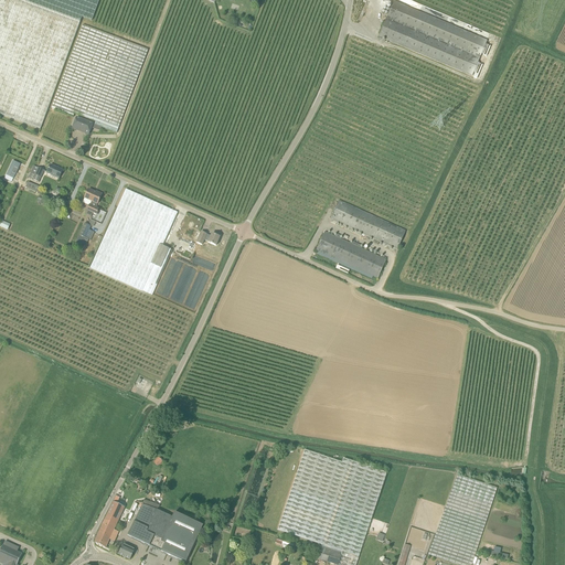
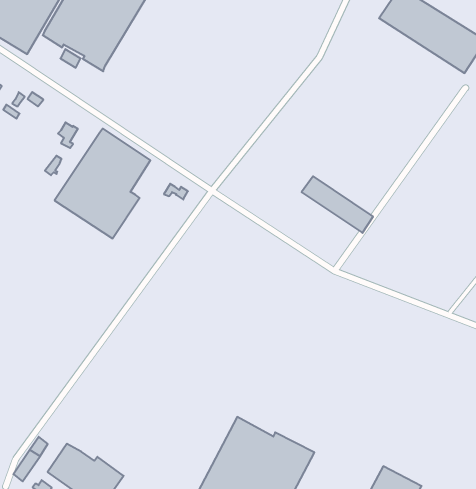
building: [316,231,385,276] -> none

